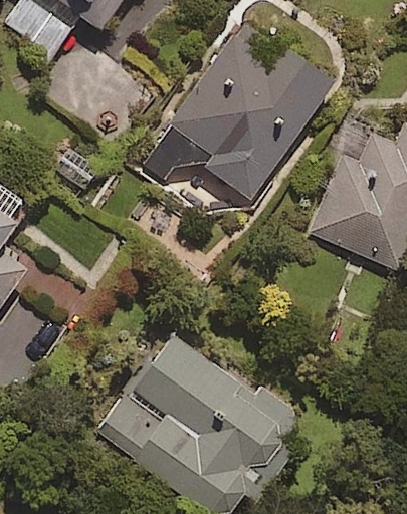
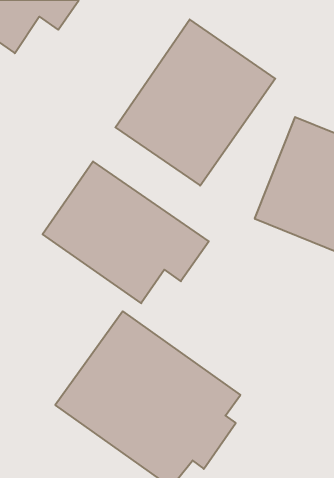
building: none -> [43,161,209,303]

